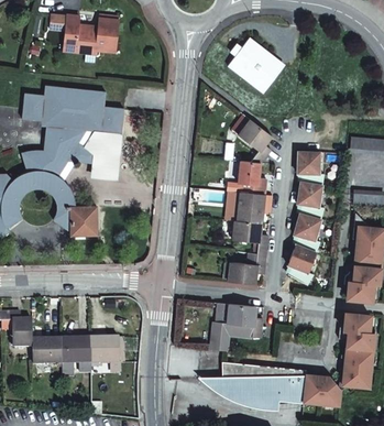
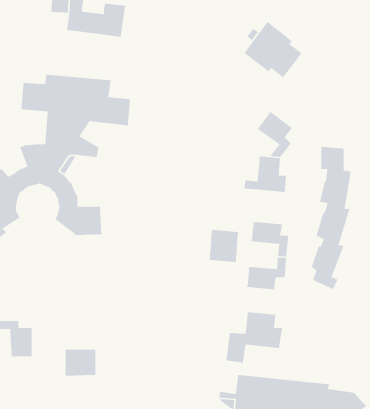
building: [77,130,116,179] -> none
building: [238,193,265,223] -> [209,229,239,263]
building: [33,338,63,363] -> none
building: [91,338,120,362] -> none

